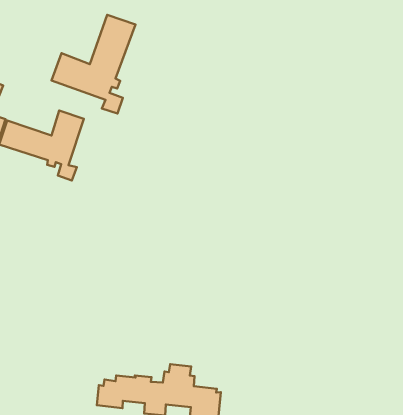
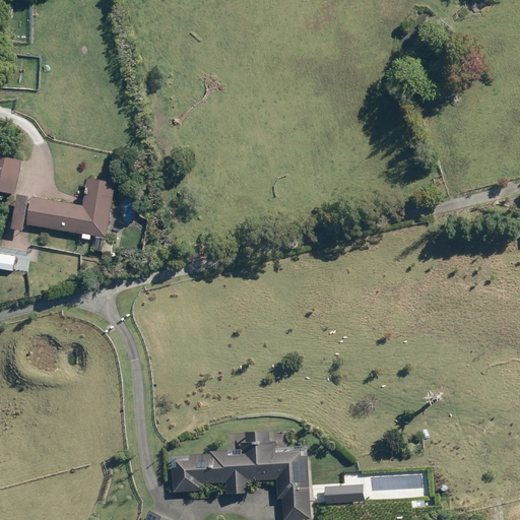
building: [52,15,135,114] -> none

